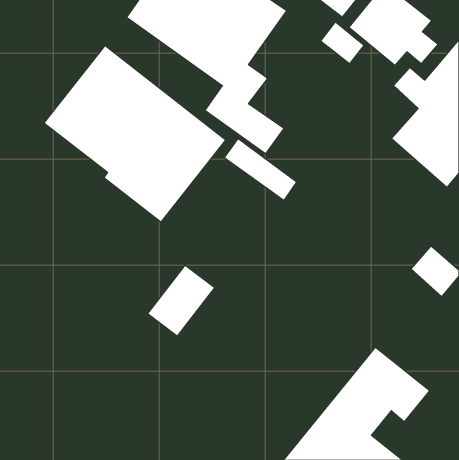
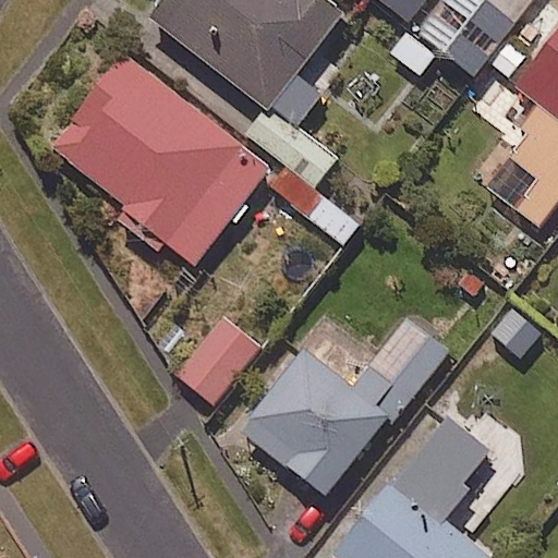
building: none -> [241,319,444,496]

